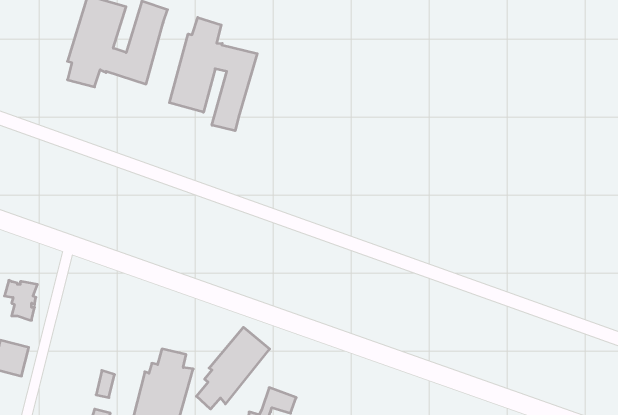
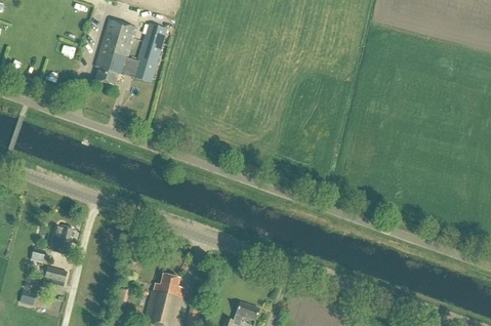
building: [169,17,257,131] -> none
building: [196,327,270,409] -> none

